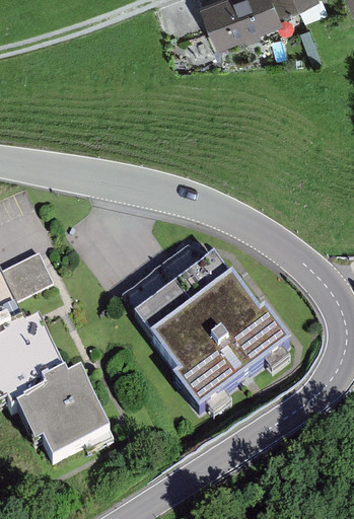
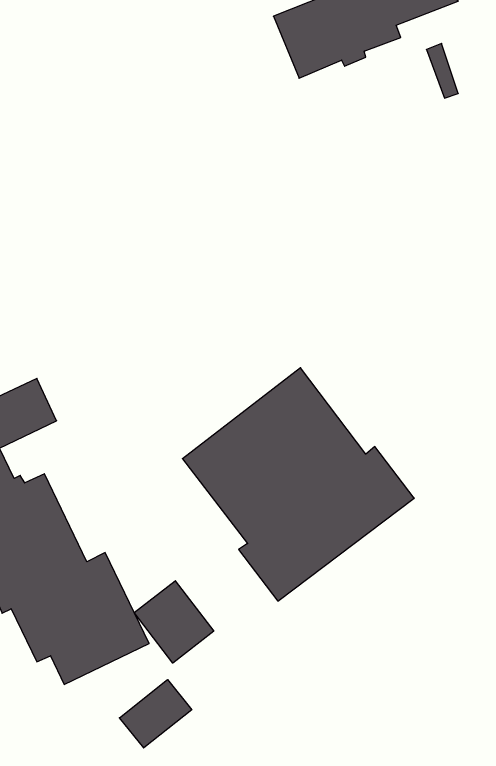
building: none -> [134,581,214,663]
building: none -> [119,680,192,748]

